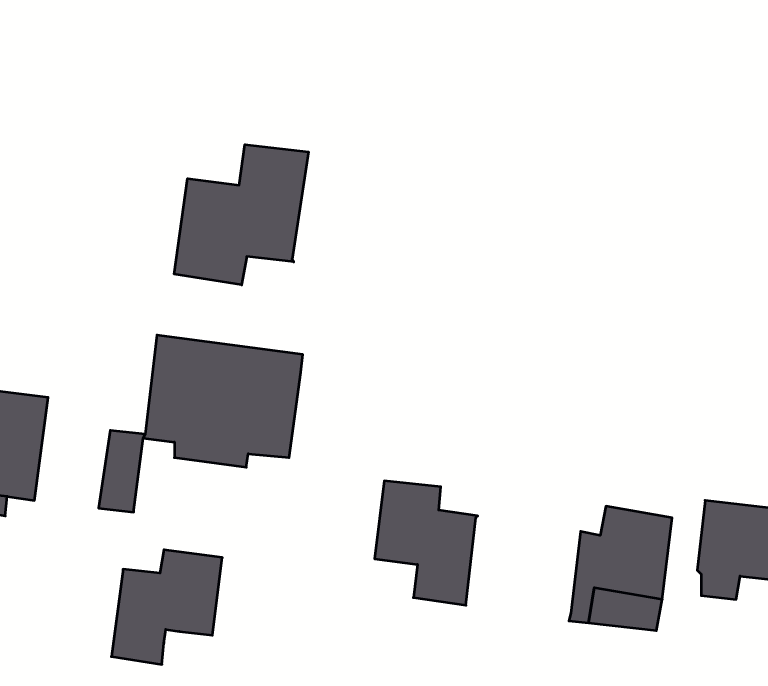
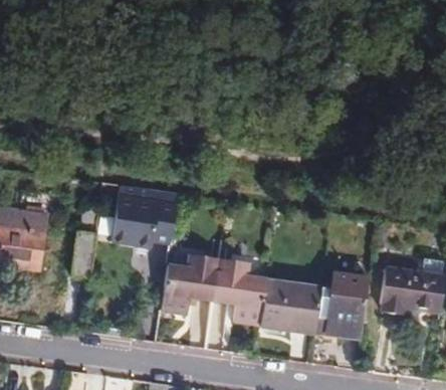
building: [174,145,308,285] -> none
building: none -> [261,277,320,327]
building: [111,550,222,664] -> [162,254,219,314]

